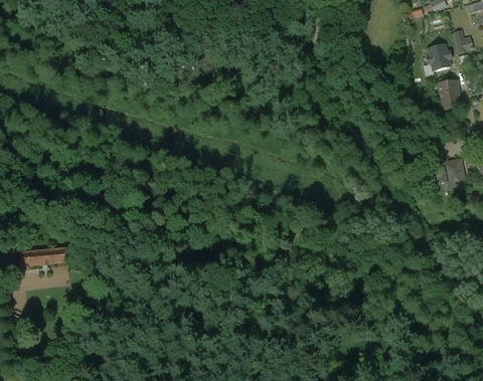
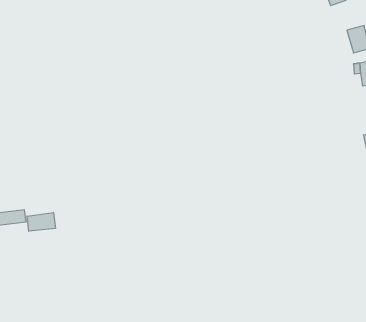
building: none -> [27,212,55,231]

